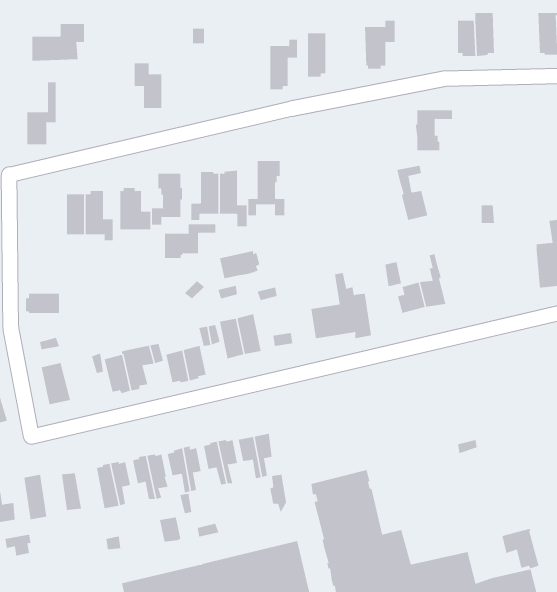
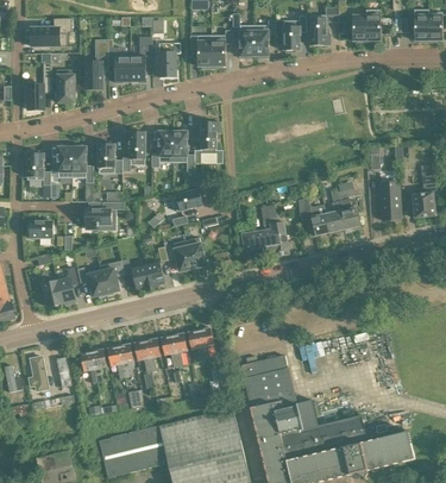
building: none -> [253,20,275,58]
building: none -> [189,34,211,68]
building: none -> [130,37,151,82]
building: none -> [86,39,108,88]
building: none -> [158,43,180,77]
building: none -> [57,70,74,101]
building: [415,110,453,151] -> [309,14,338,45]
building: [397,165,428,220] -> [335,188,359,230]
building: none -> [26,151,50,184]
building: [164,224,216,259] -> [84,202,124,228]
building: none -> [379,182,401,220]
building: none -> [54,270,77,302]
building: [502,528,539,569] -> none

